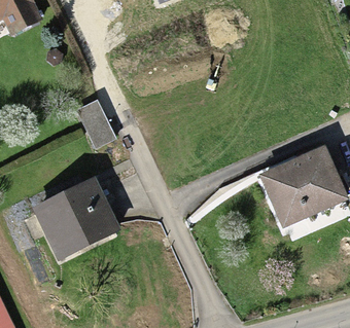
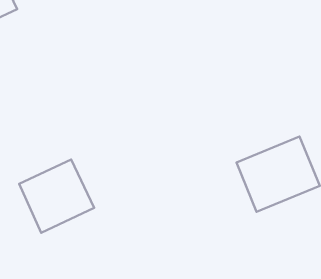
building: [78,102,115,147] -> none

